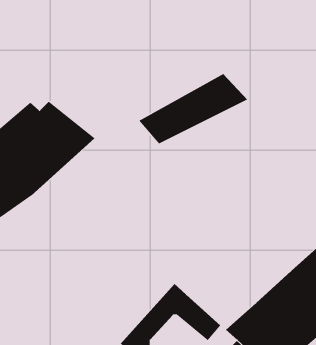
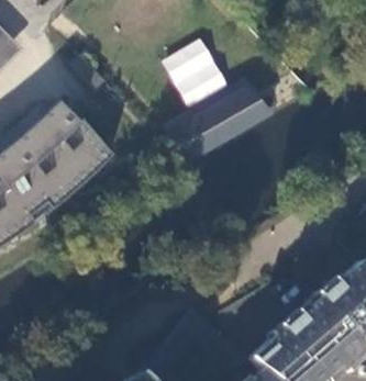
building: none -> [163,36,230,107]

